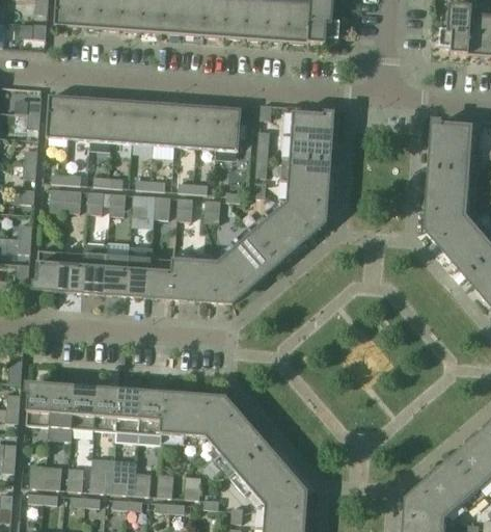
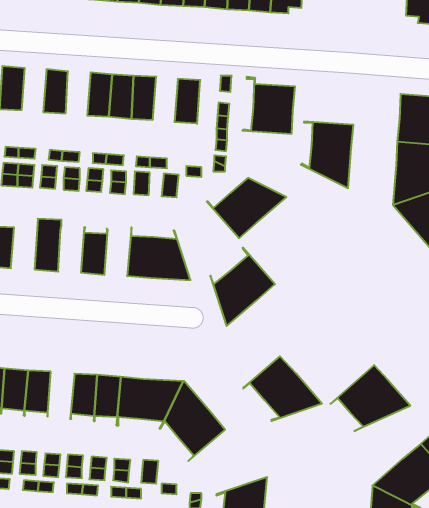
building: [69,97,92,139] -> none
building: [111,100,135,142] -> none
building: [195,105,219,149] -> none
building: [278,157,329,221] -> [301,122,353,188]
building: [216,225,278,301] -> [210,248,275,326]
building: [58,242,84,291] -> none
building: [104,248,129,294] -> none
building: [148,250,174,297] -> none
building: none -> [330,365,410,431]
building: [93,390,119,435] -> none
building: [229,446,305,508] -> [243,356,322,421]

